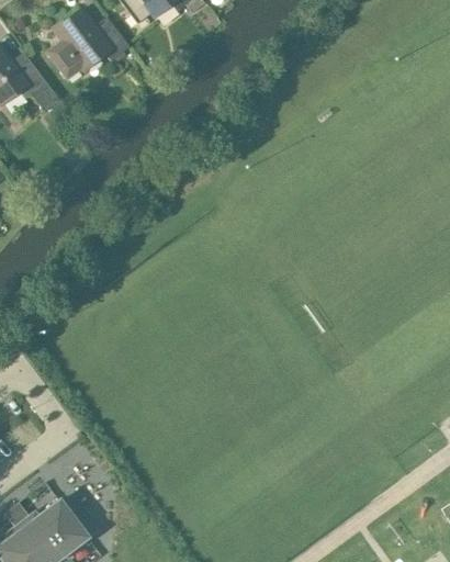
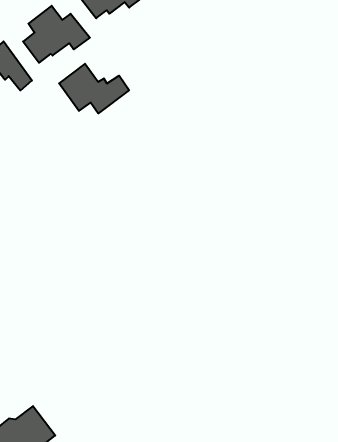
building: none -> [59,64,129,113]

